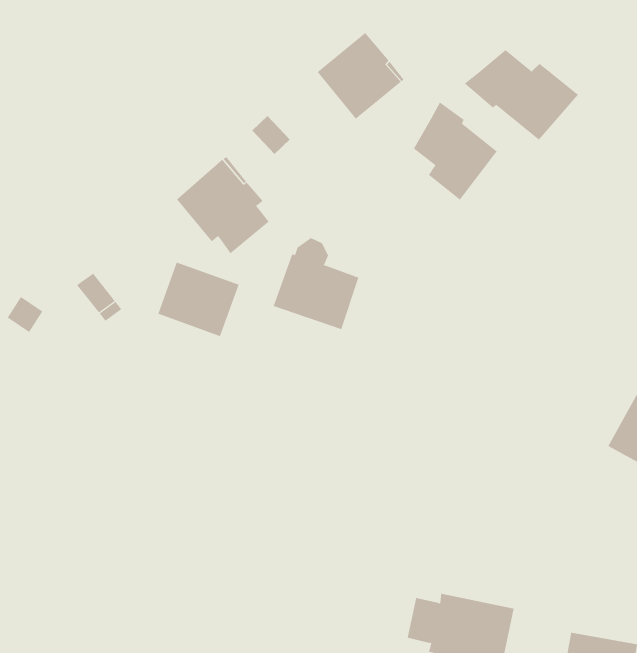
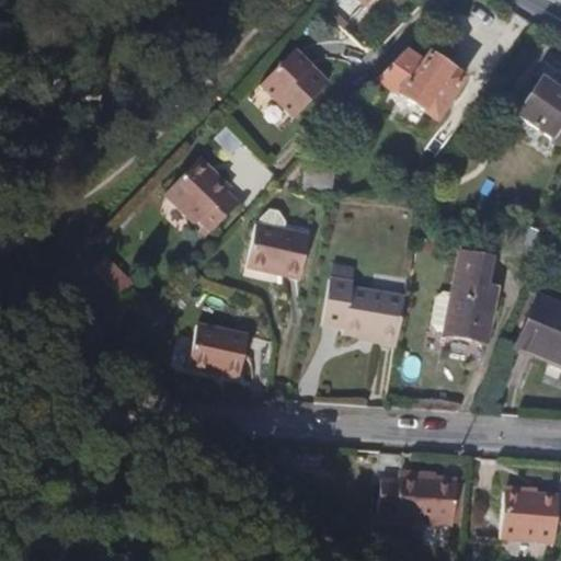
building: [413,102,497,201] -> none
building: [157,262,239,337] -> [188,316,249,369]
building: none -> [435,251,497,341]
building: none -> [323,276,405,342]

